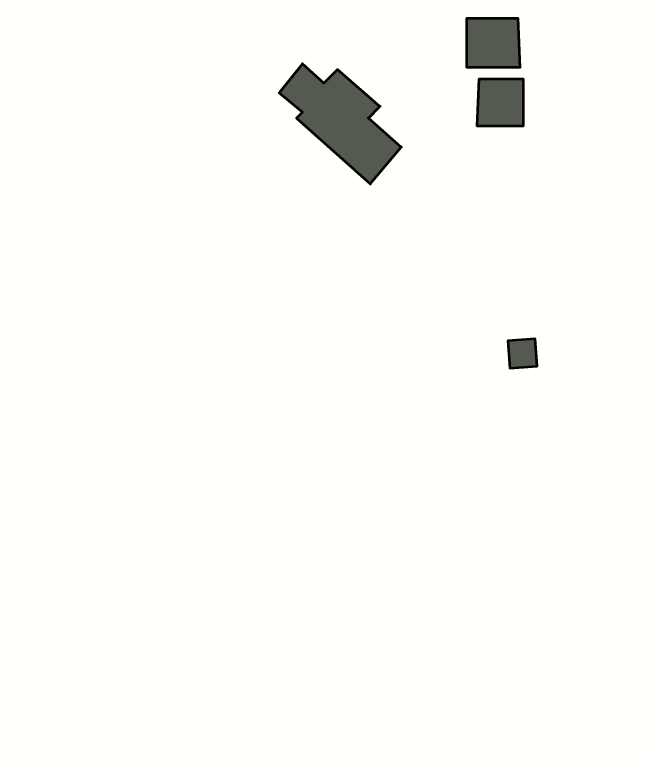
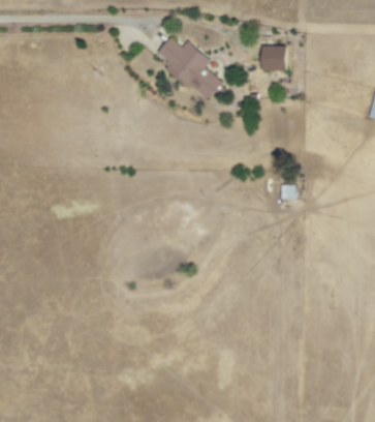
building: [467,18,520,67] -> none

